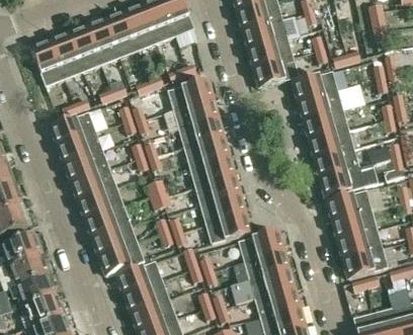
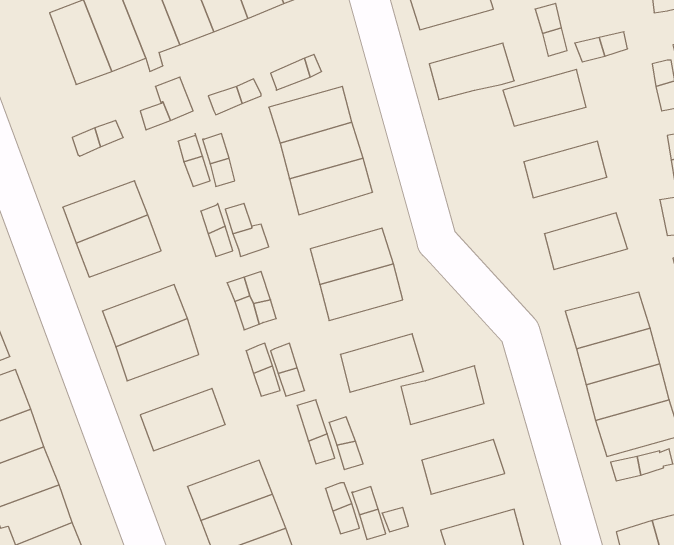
building: [248,37,293,67] -> none
building: [30,39,64,86] -> none
building: [299,90,343,119] -> none
building: [50,110,99,144] -> none
building: [309,128,353,158] -> none
building: [183,136,228,166] -> none
building: [320,162,378,197] -> none
building: [71,167,116,199] -> none
building: [199,193,244,223] -> none
building: [91,223,137,255] -> none
building: [243,249,287,279] -> none
building: [116,260,162,294] -> none
building: [254,286,299,317] -> none

